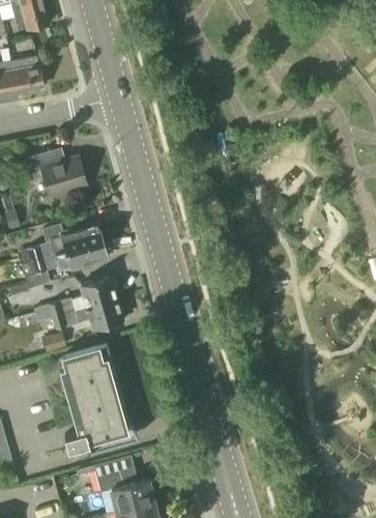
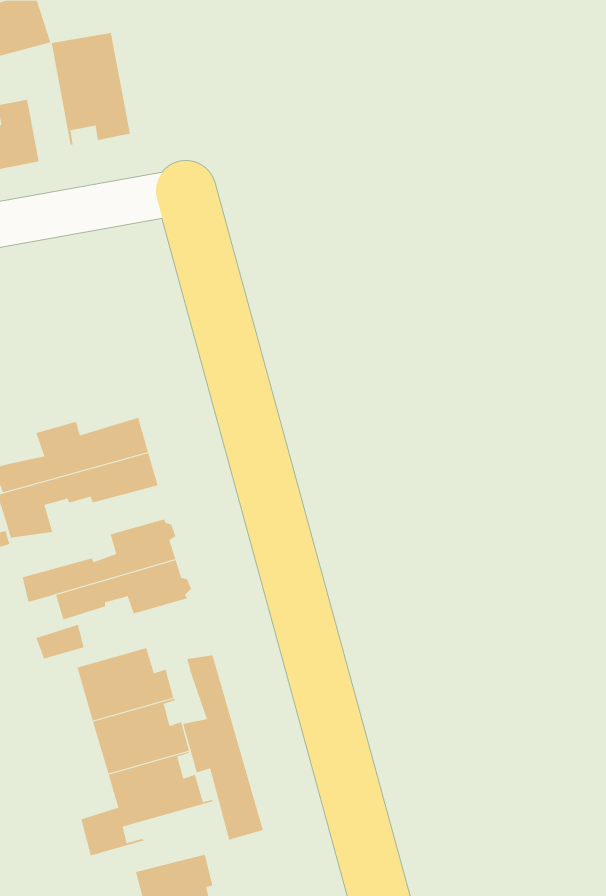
building: none -> [51,32,130,146]
building: [28,148,87,197] -> none
building: none -> [182,654,263,840]

